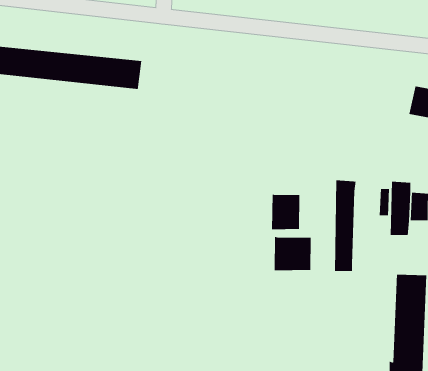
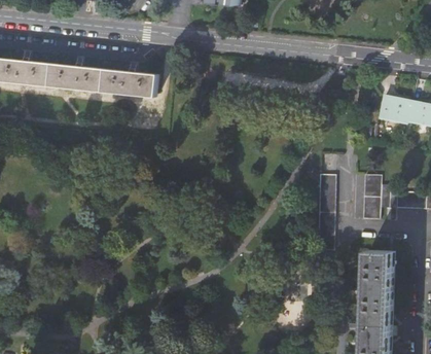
building: [272,194,300,230] -> none
building: [274,236,311,271] -> none

